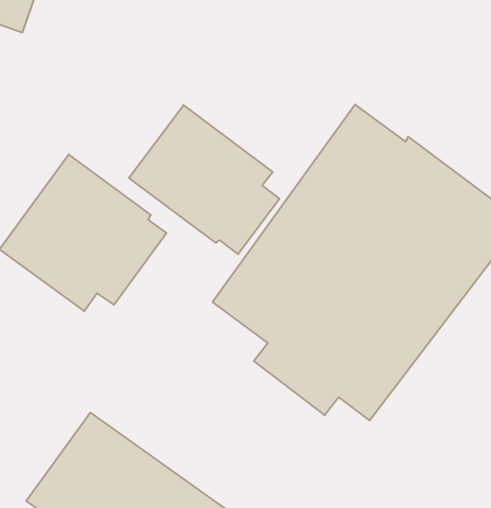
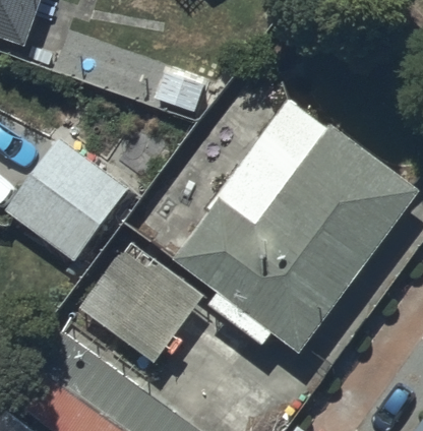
building: [129,105,279,254] -> none
building: none -> [82,241,202,359]

